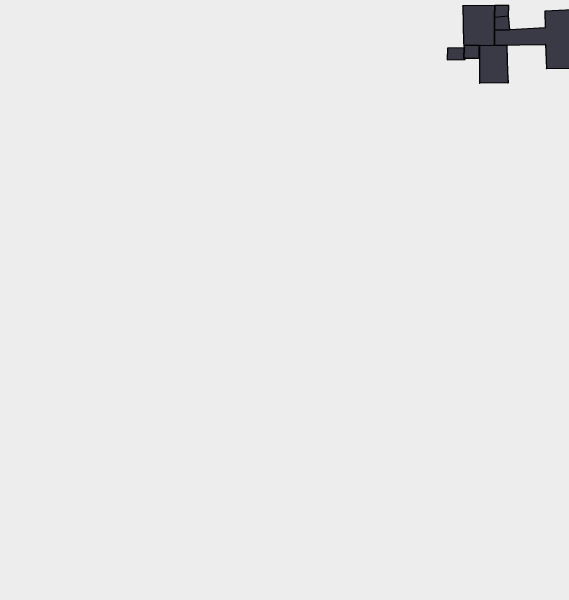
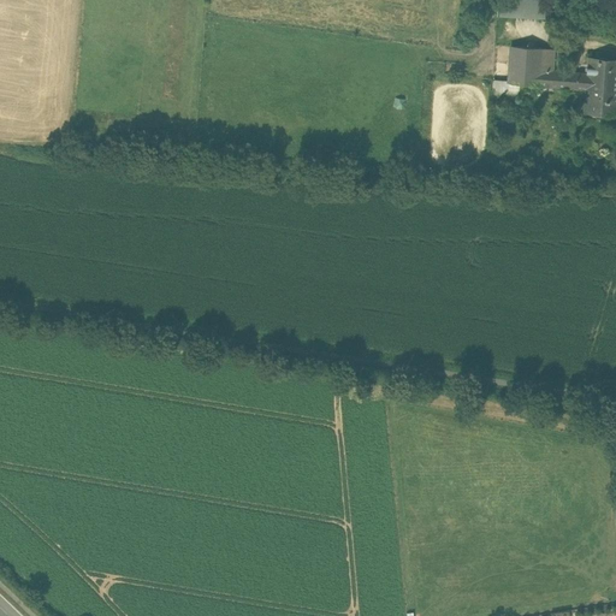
building: [480,45,508,83] -> none

